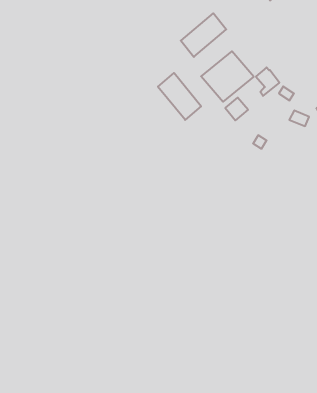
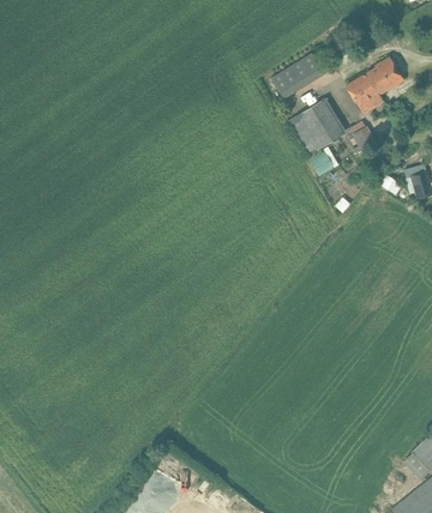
building: none -> [347,56,403,111]
building: [158,73,201,120] -> none

